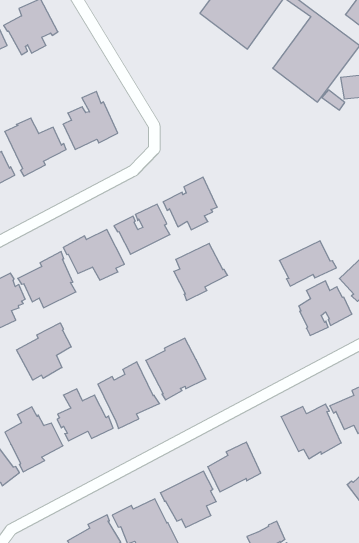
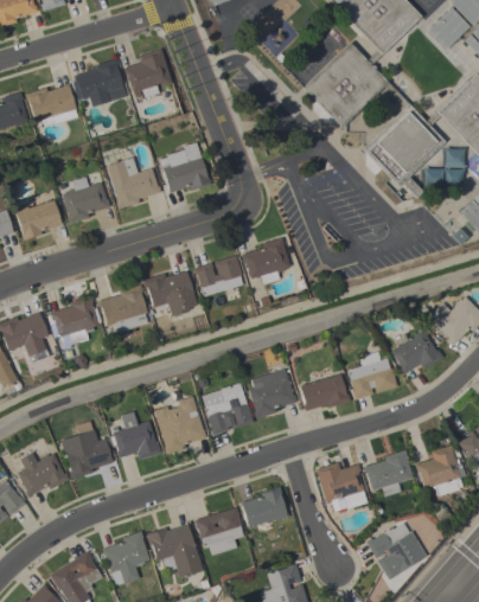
building: [279,241,336,286] -> [300,373,351,410]
building: [174,243,228,300] -> [249,369,298,417]
building: [17,323,71,380] -> none

